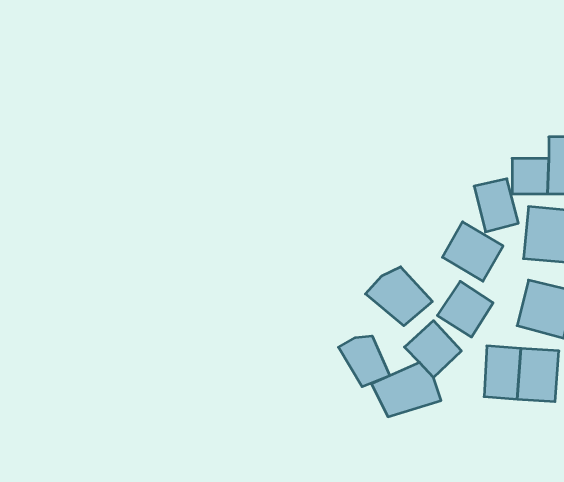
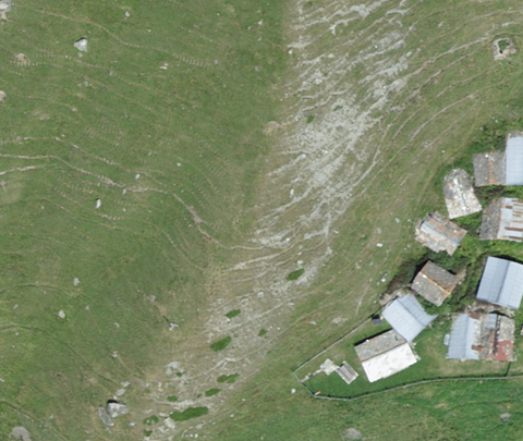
building: [365,267,432,326] -> none
building: [338,336,390,387] -> none

